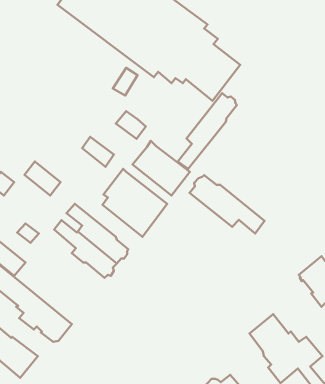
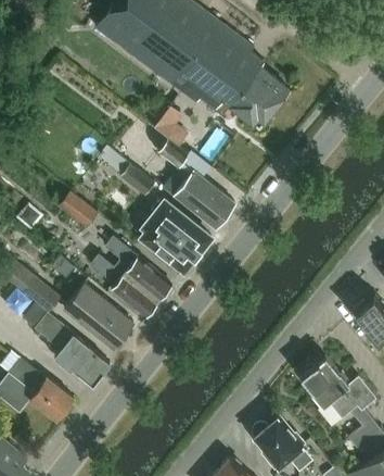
building: [178,93,237,169] -> none
building: [190,175,264,233] -> none
building: none -> [63,285,132,350]

